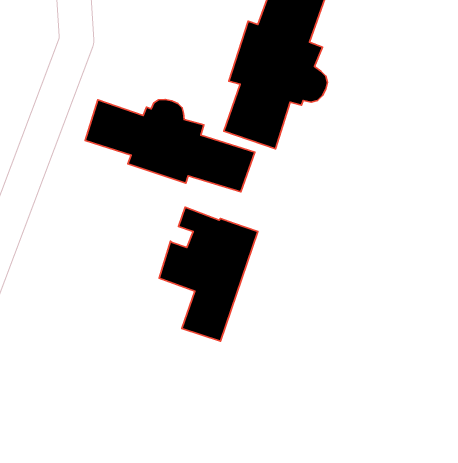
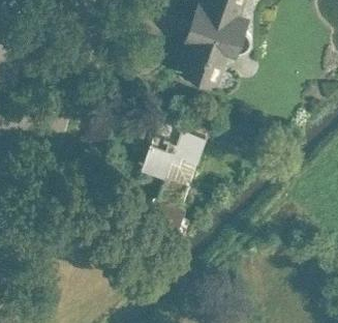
building: [85,100,255,192] -> none

